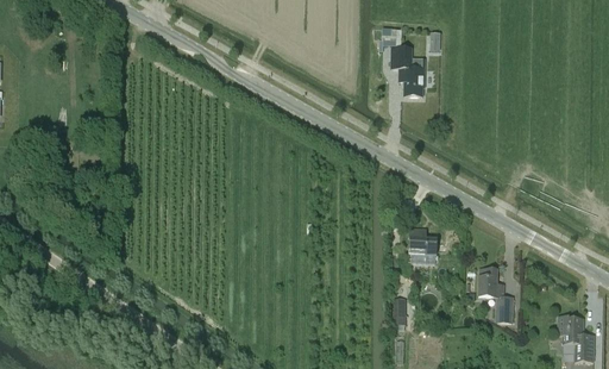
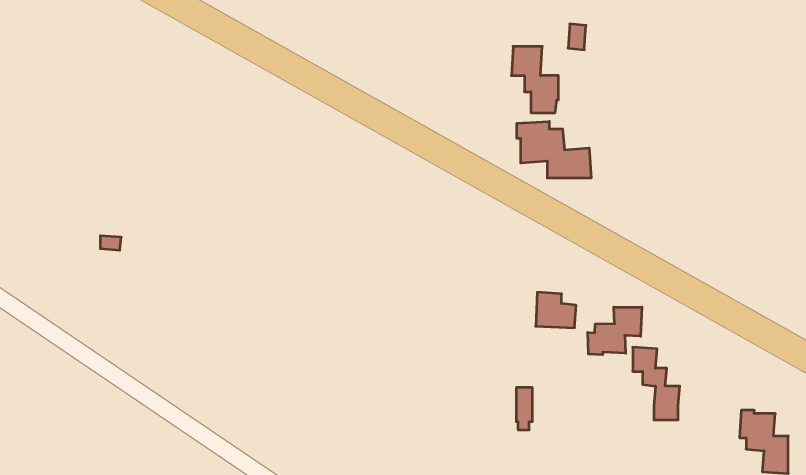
building: none -> [517,121,591,178]
building: none -> [588,307,642,355]

